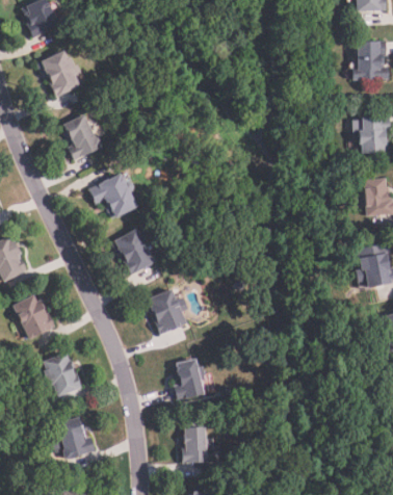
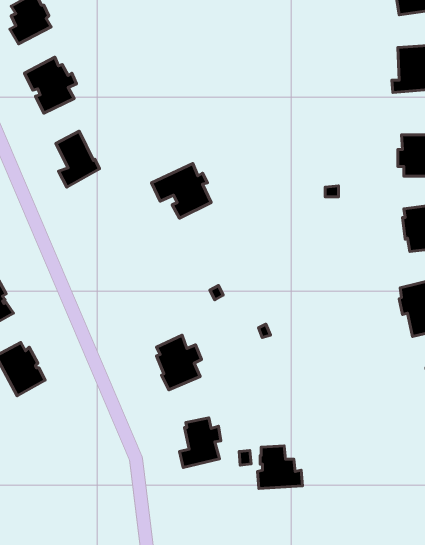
building: [86,173,137,219] -> [152,164,211,218]
building: [113,228,154,275] -> none
building: [43,353,81,397] -> none
building: [52,417,96,460] -> none
building: [181,426,219,463] -> [258,446,302,488]

